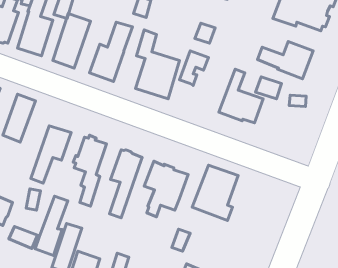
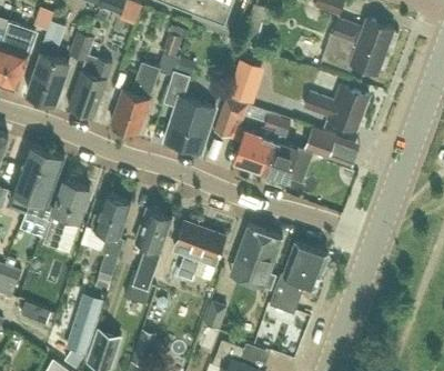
building: none -> [230,113,279,167]
building: none -> [268,244,326,315]
building: [35,196,68,256] -> [26,153,63,222]

